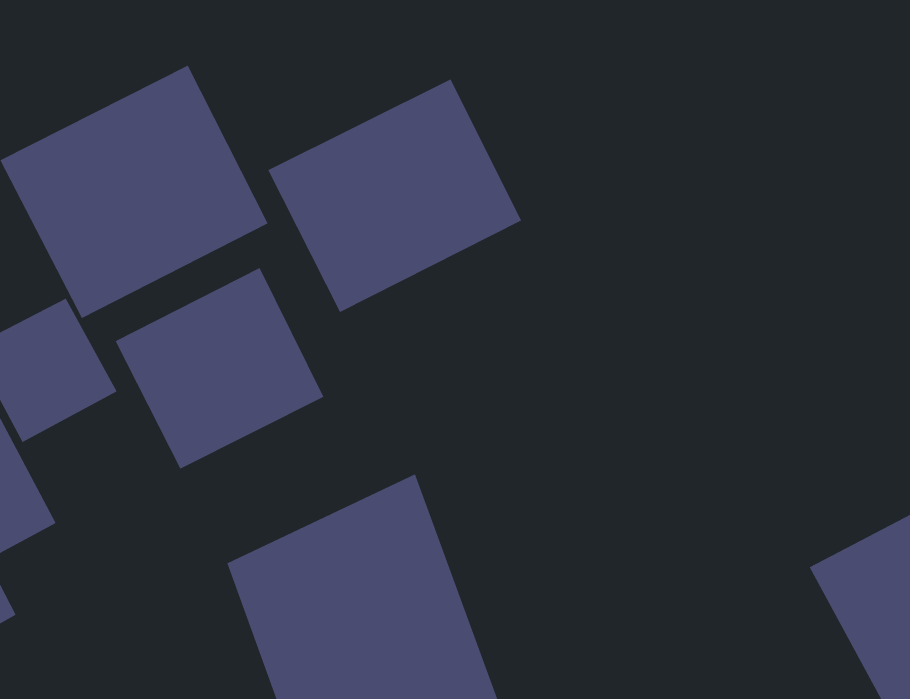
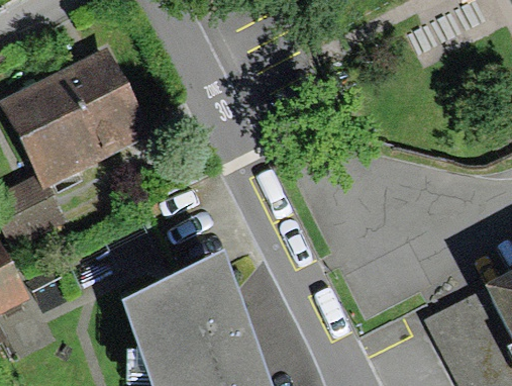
building: [267,79,522,313] -> none
building: [115,267,324,470] -> none

